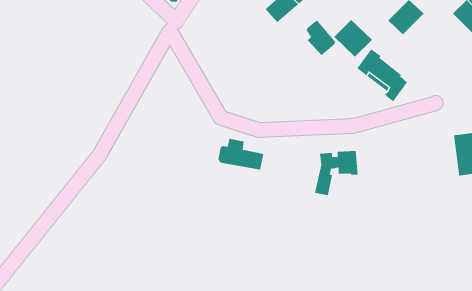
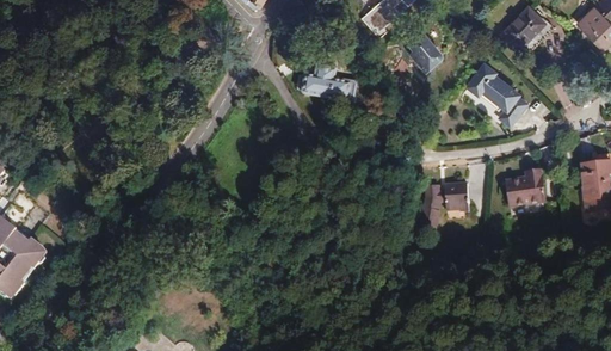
building: [333,19,373,57] -> none
building: [218,138,264,170] -> [302,64,356,101]
building: none -> [505,168,545,205]

